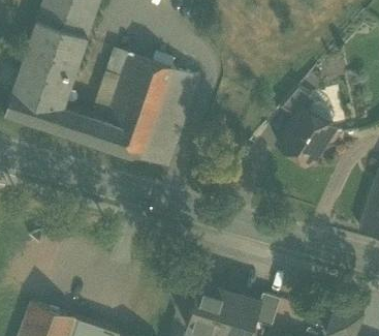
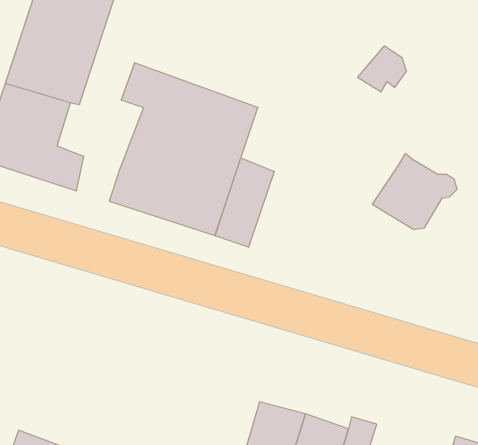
building: [279,86,313,118] -> [358,46,407,92]
building: [71,113,101,144] -> none
building: none -> [215,158,274,247]

